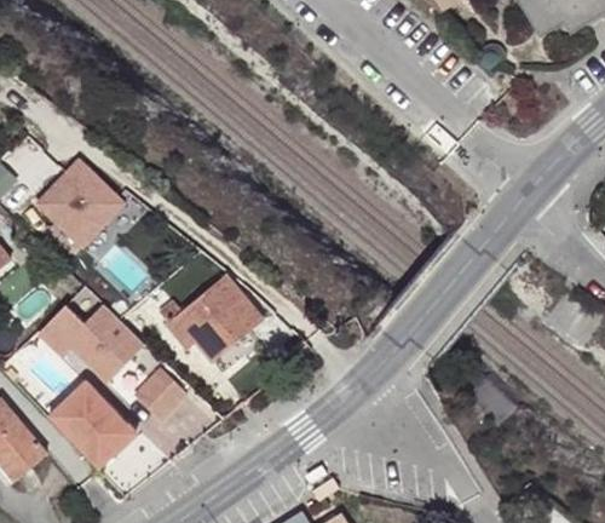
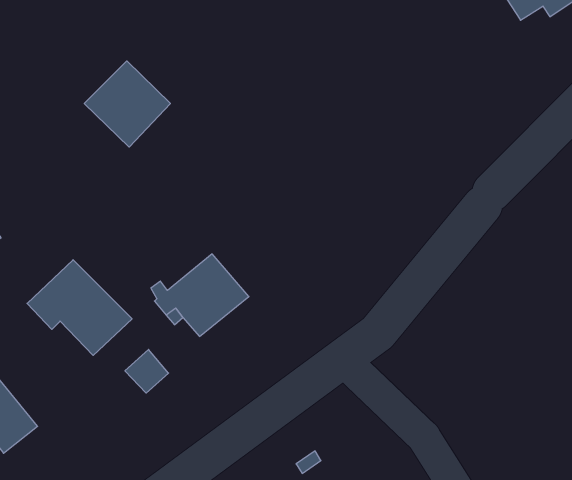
building: [36,157,125,246] -> [84,61,170,147]
building: [47,380,136,469] -> none

